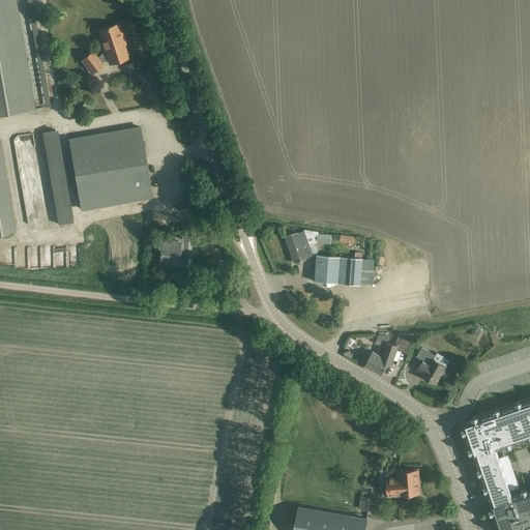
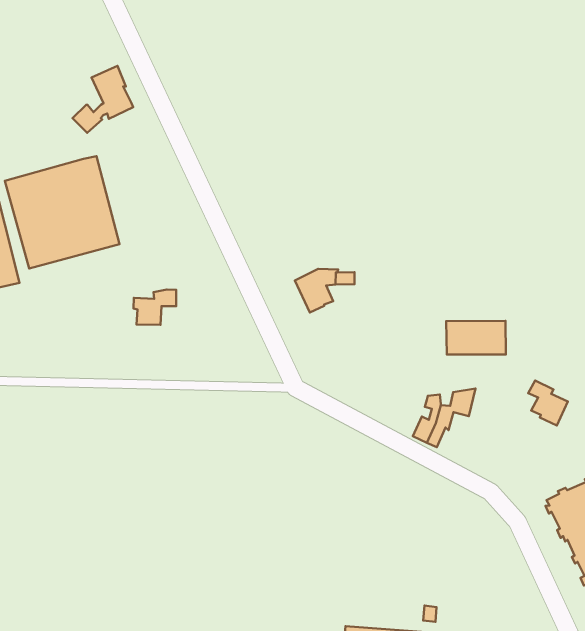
building: [81,25,128,75] -> [72,66,133,133]
building: [314,256,361,286] -> [446,321,506,355]
building: [416,349,446,385] -> [528,380,568,425]
building: [383,470,420,497] -> none

